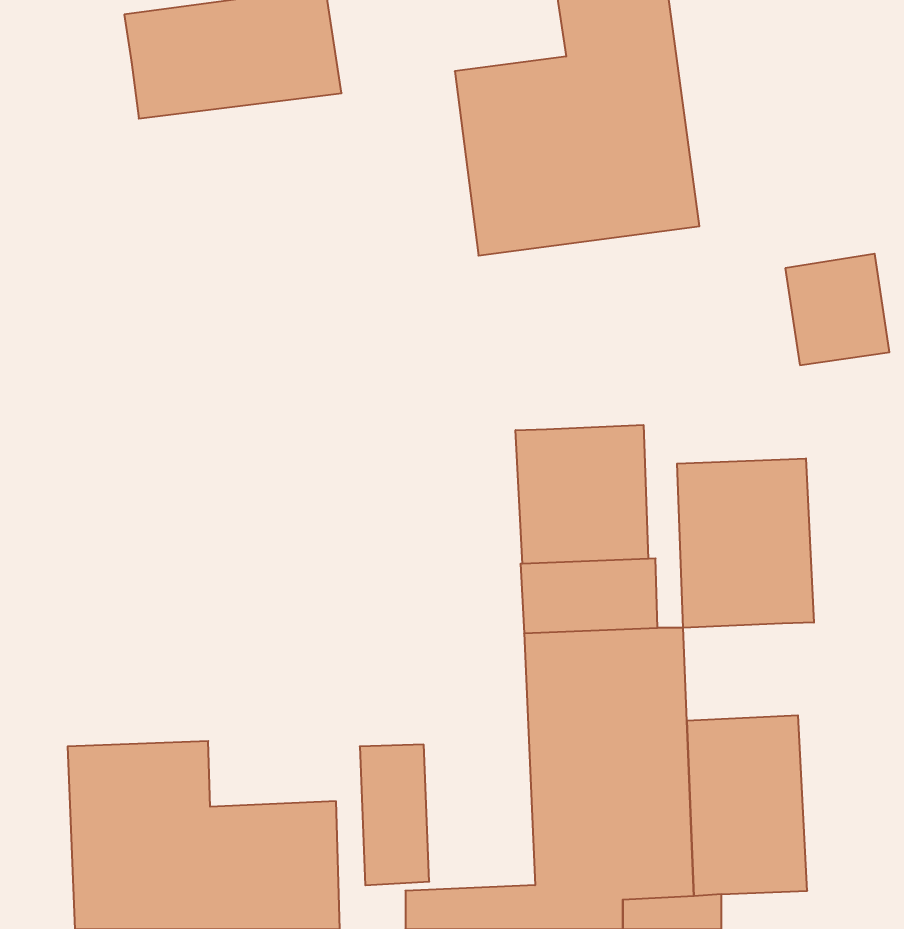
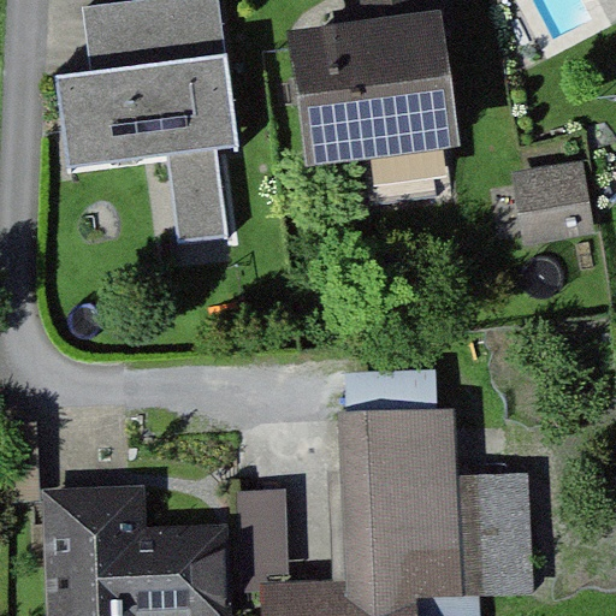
building: none -> [58,61,237,243]
building: [516,425,648,564] -> none
building: [677,458,814,628] -> none

